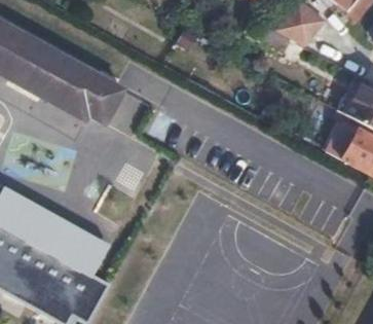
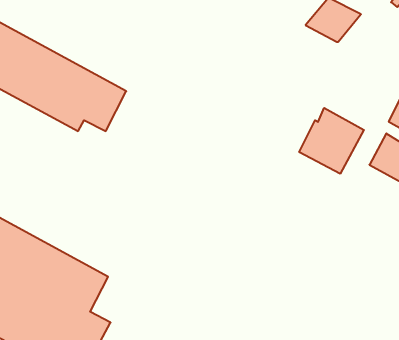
building: none -> [299,108,364,174]

